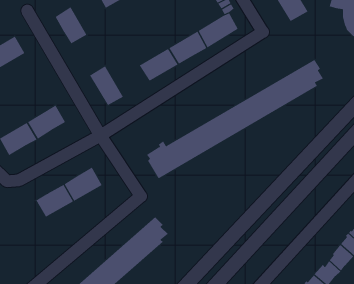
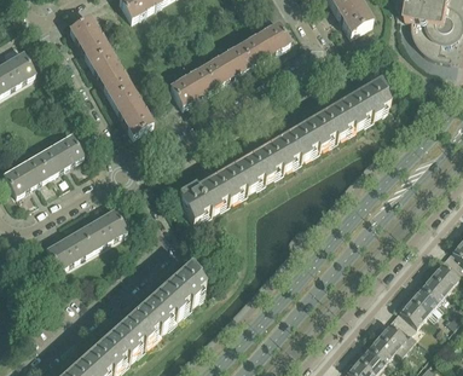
building: none -> [89,50,131,98]

